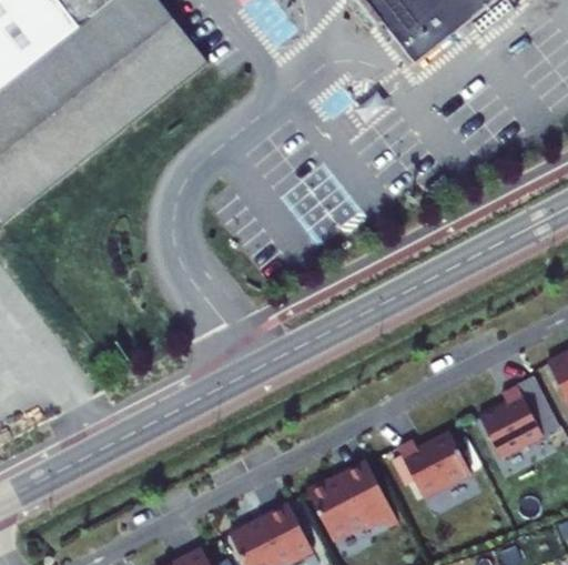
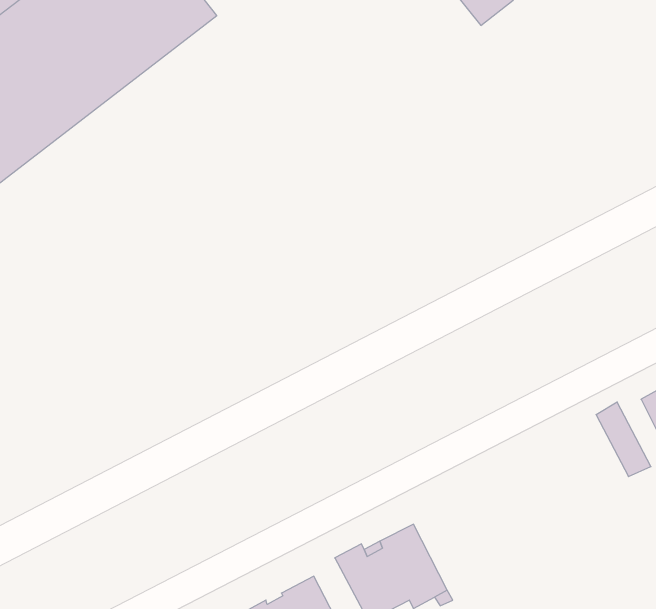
building: [473,375,536,446] -> none
building: [396,432,469,496] -> none

